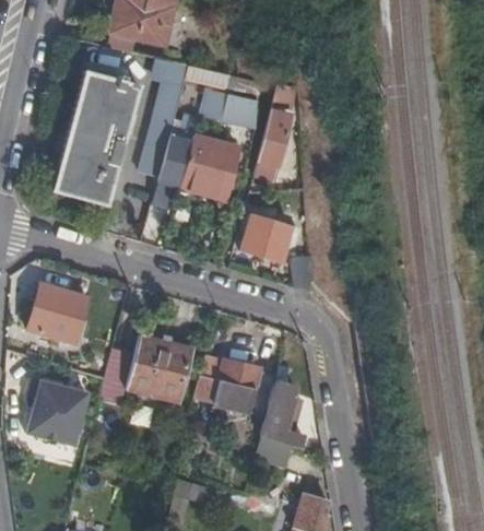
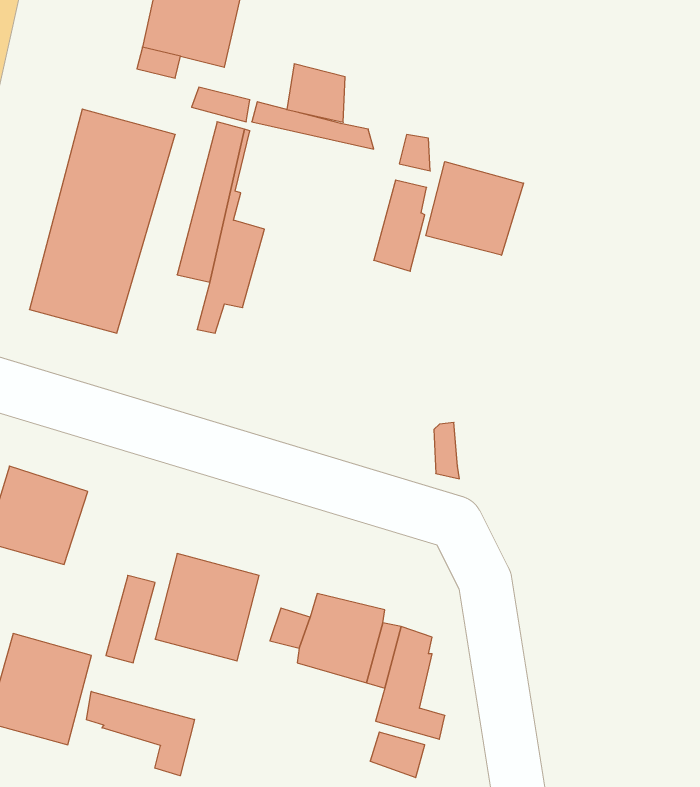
building: [224,93,259,128] -> [287,64,345,122]
building: none -> [426,162,524,255]
building: [180,137,239,201] -> none
building: [241,213,299,261] -> none
building: none -> [86,691,194,776]

